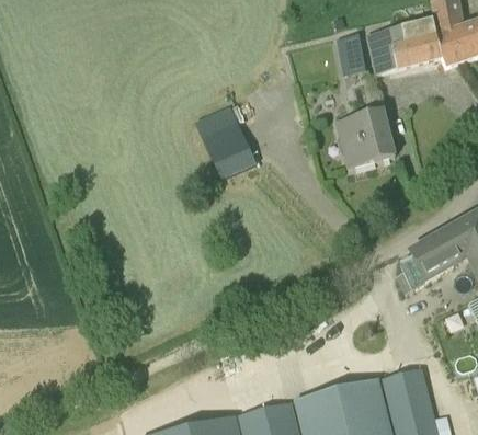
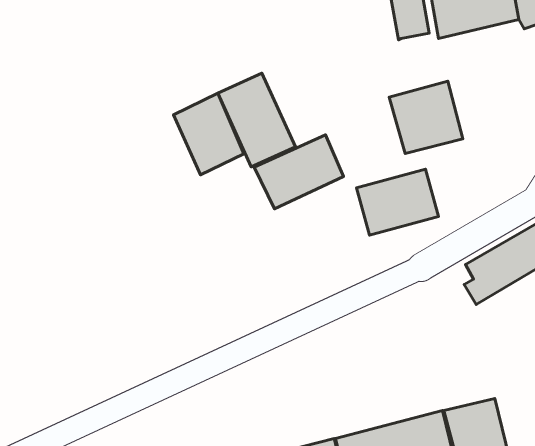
building: none -> [173,93,244,175]
building: none -> [254,135,343,209]
building: none -> [357,169,438,235]

